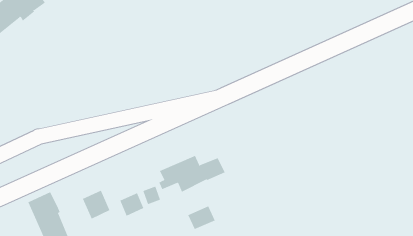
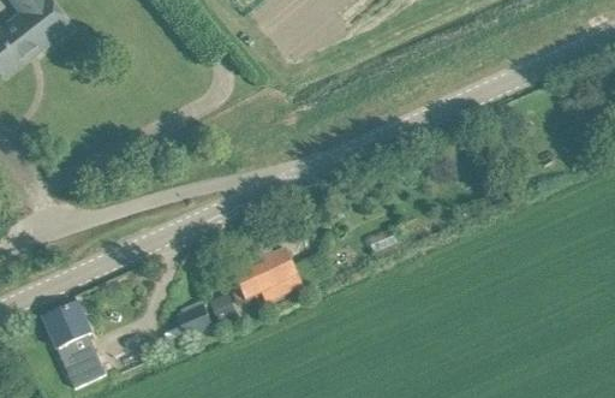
building: [82,190,110,219] -> none
building: [187,206,216,230] -> none

